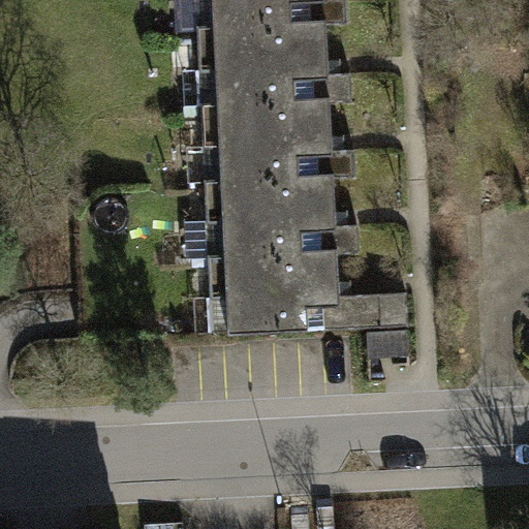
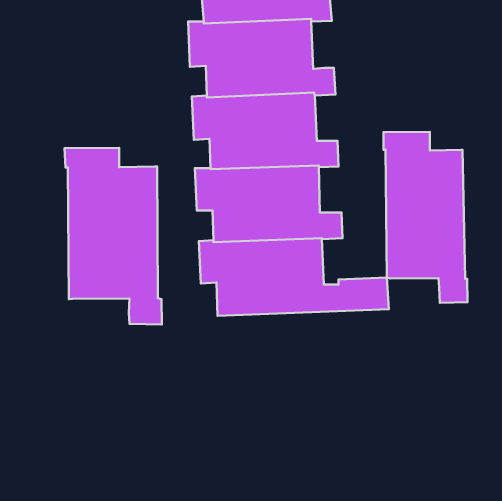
building: none -> [383,132,467,303]
building: none -> [65,148,162,324]

